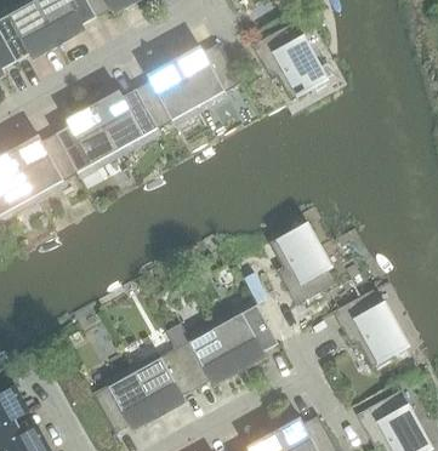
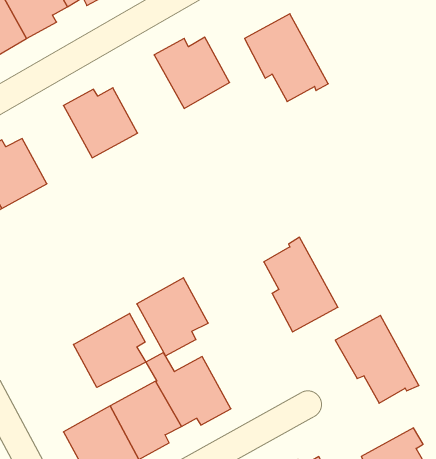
building: [136,58,199,127] -> none
building: [56,103,118,172] -> none
building: none -> [73,313,146,387]
building: [215,302,278,371] -> [137,278,208,356]

